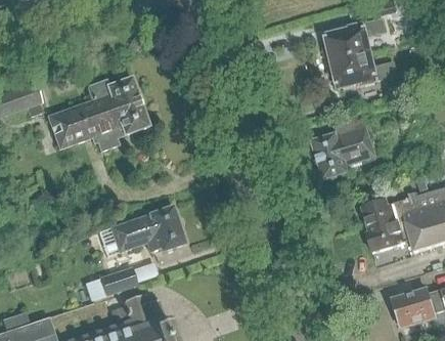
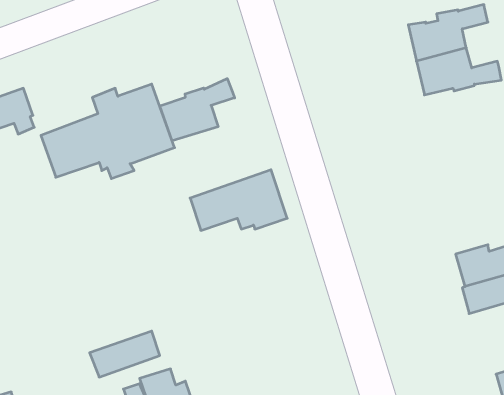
building: none -> [160,79,235,141]
building: [311,126,375,179] -> none
building: [112,206,185,252] -> [190,170,287,230]

